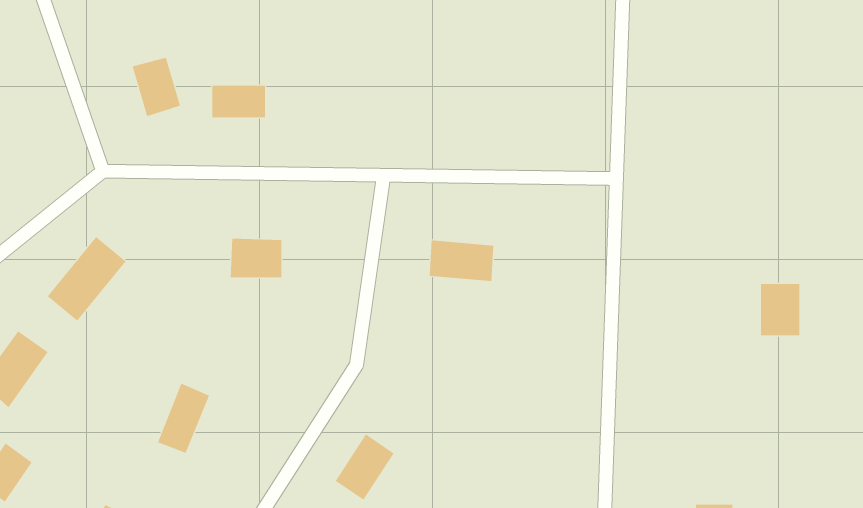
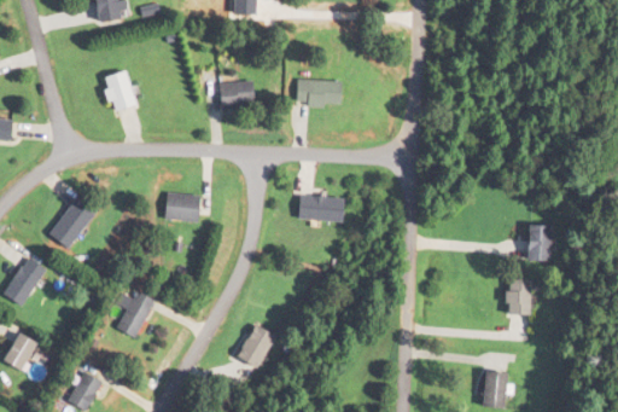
building: none -> [302,81,345,106]
building: [212,85,266,118] -> [222,83,258,105]
building: none -> [501,278,527,313]

